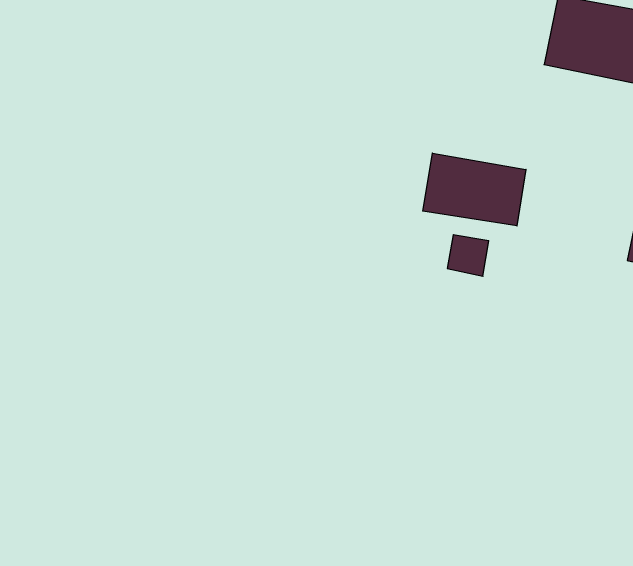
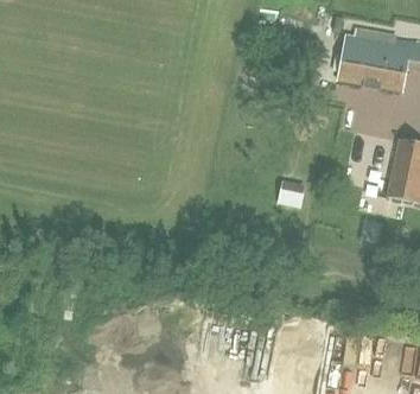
building: [423,153,526,226] -> none

